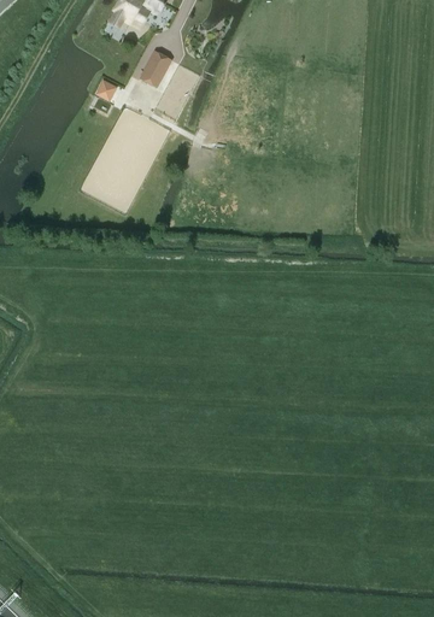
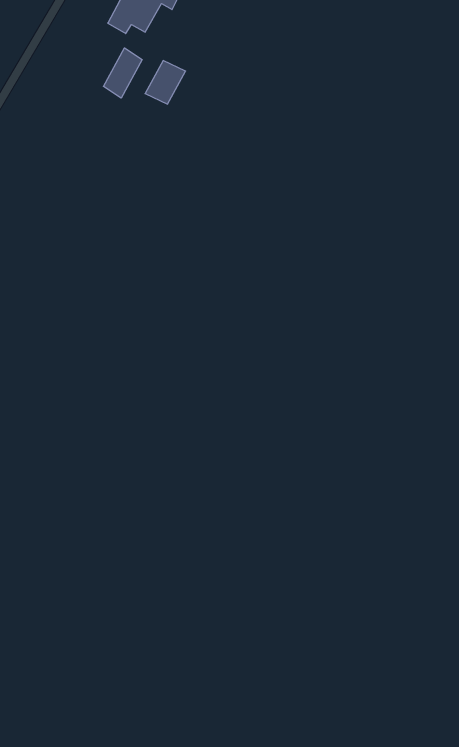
building: none -> [103,48,142,98]

